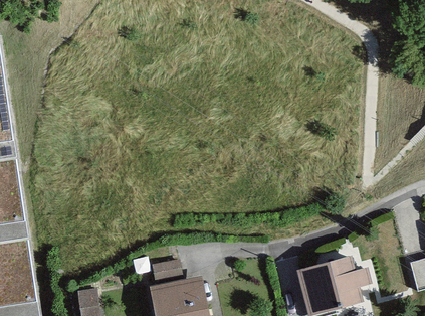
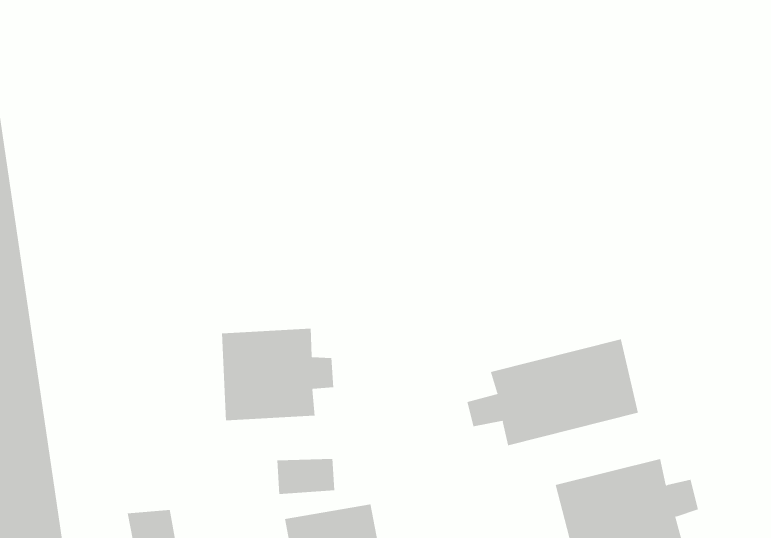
building: none -> [221,328,334,421]
building: none -> [467,339,639,446]

